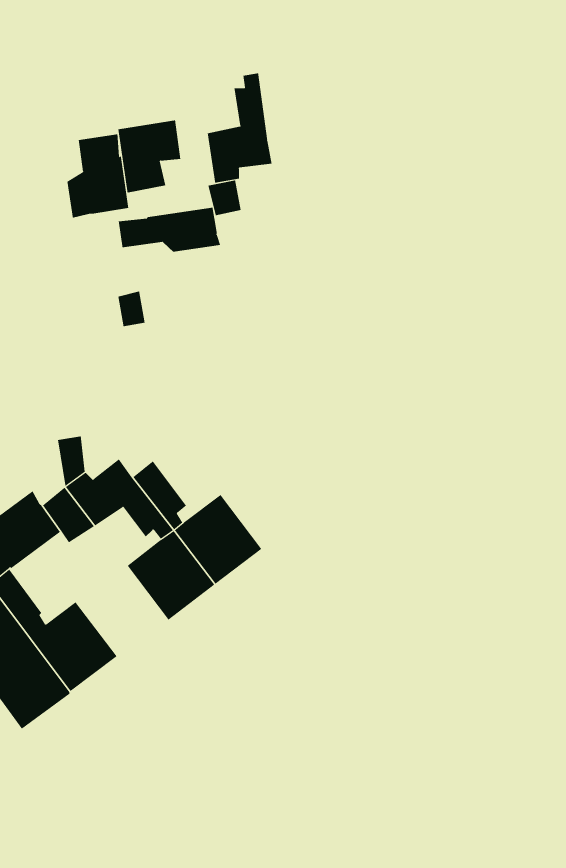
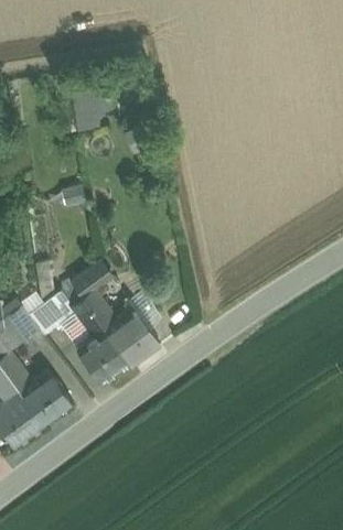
building: [207,72,272,184] -> none
building: [67,134,129,218] -> none
building: [118,207,221,253] -> none
building: none -> [67,260,106,296]

